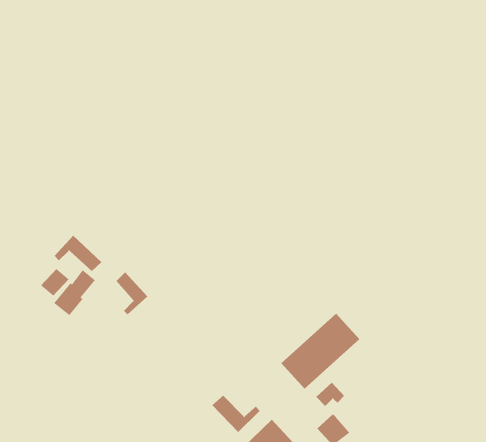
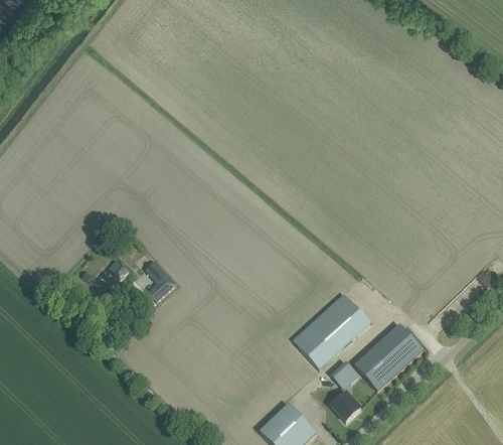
building: [54,235,102,272] -> none
building: none -> [354,323,423,390]
building: [211,395,260,433] -> none

